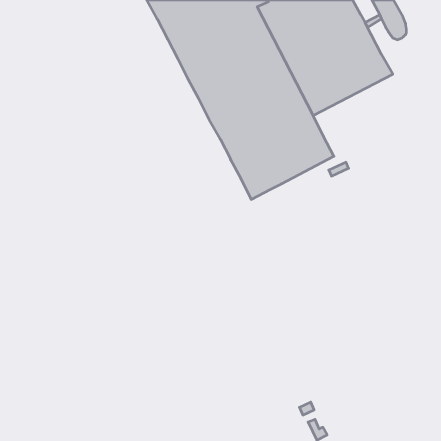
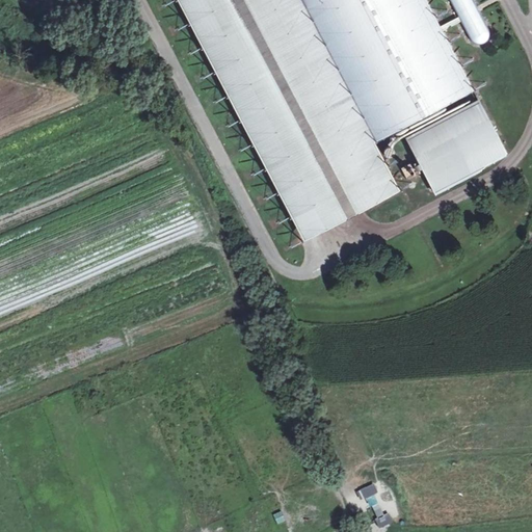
building: none -> [404,101,506,194]

